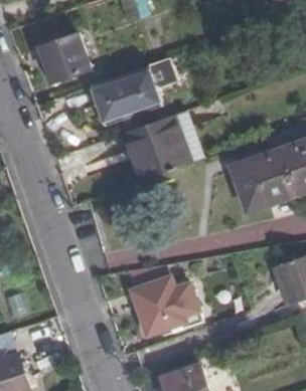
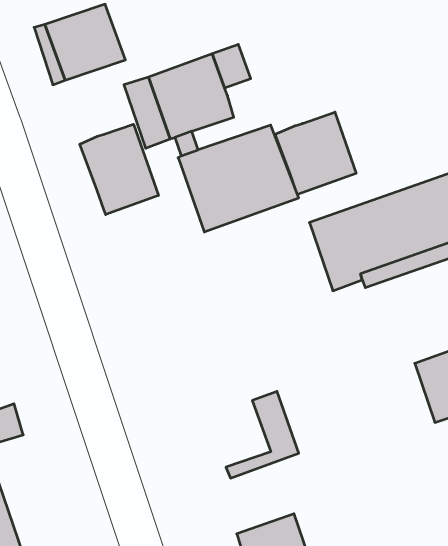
building: none -> [275,112,356,195]
building: none -> [80,124,158,215]
building: [132,279,186,336] -> none

